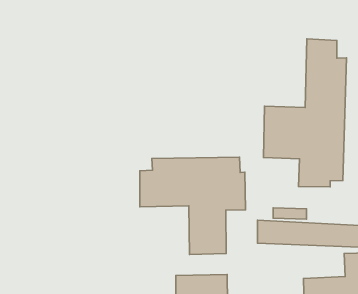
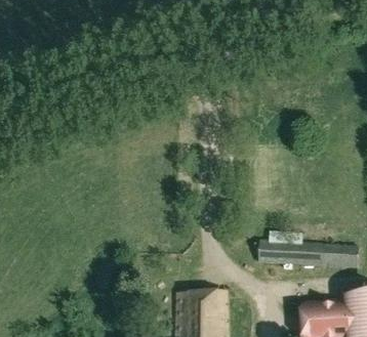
building: [263,39,347,187] -> none
building: [140,157,246,255] -> none

